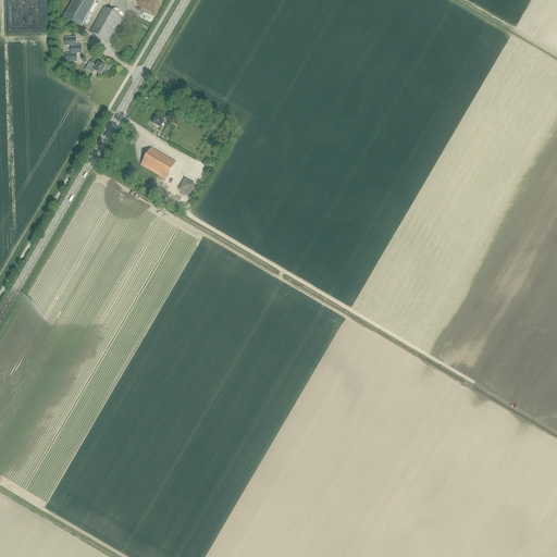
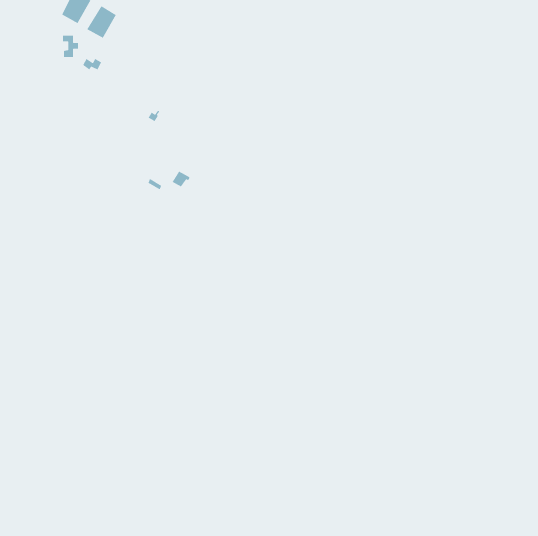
building: [141,146,175,177] -> none

